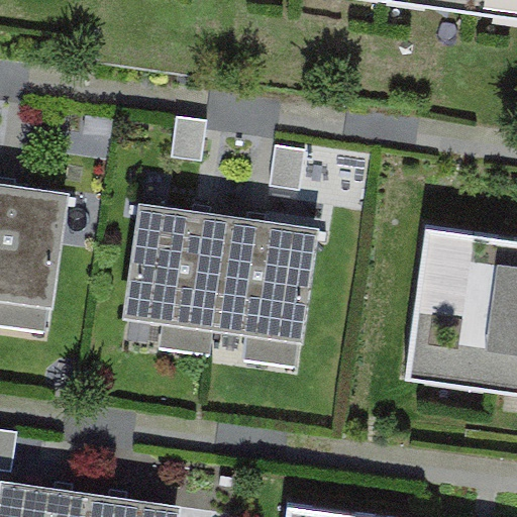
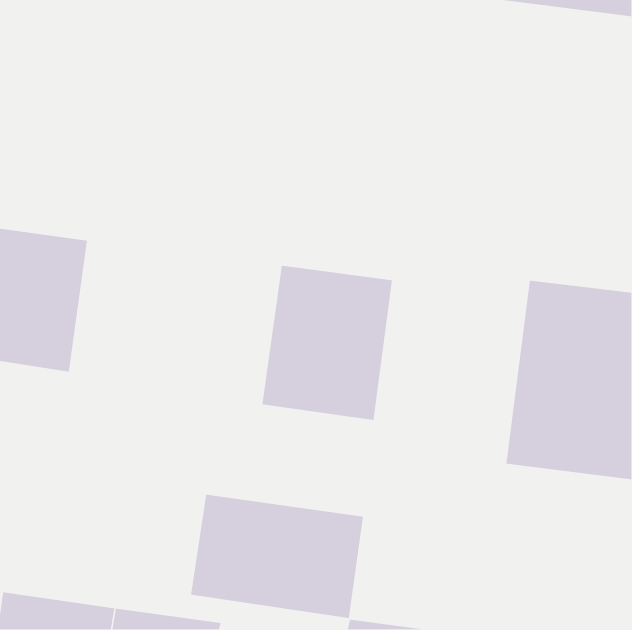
building: [121,203,229,330] -> none
building: none -> [190,494,364,619]

